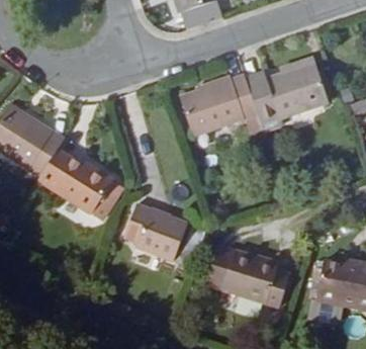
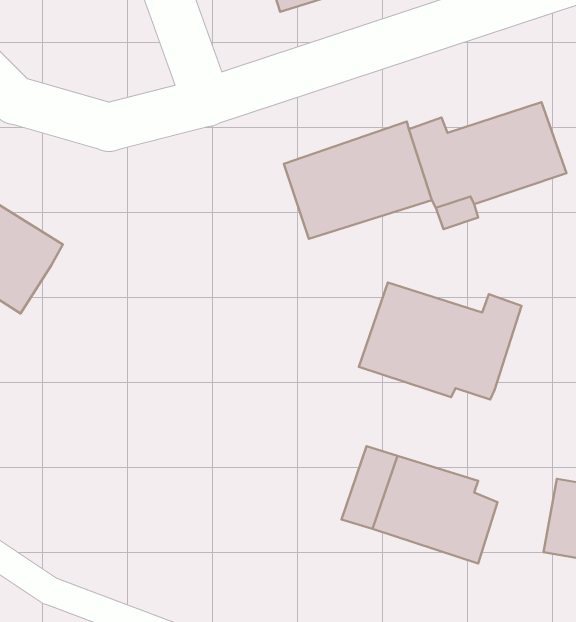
building: [37,151,119,216] -> none
building: none -> [359,282,522,399]
building: [123,194,188,256] -> none

